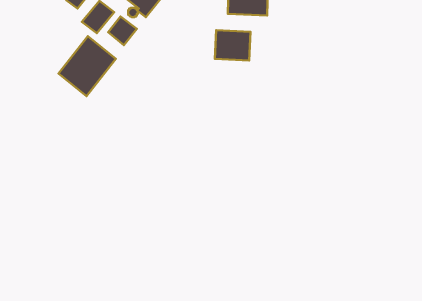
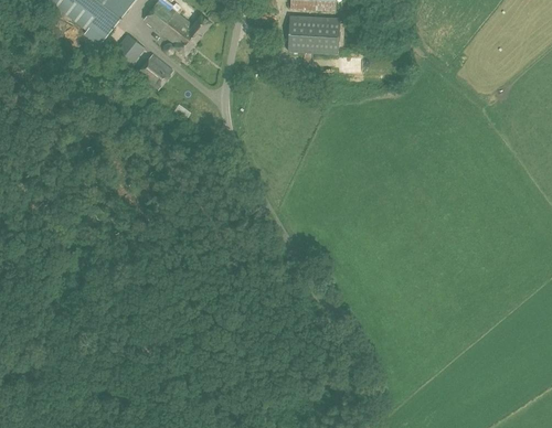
building: [215,30,251,60] -> none
building: [58,36,116,96] -> none

